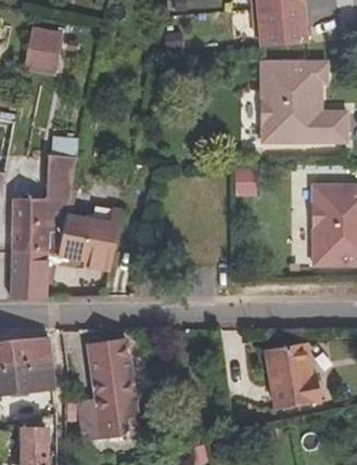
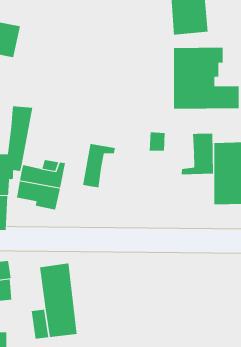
building: none -> [181,133,213,175]
building: none -> [82,143,116,188]
building: [264,343,321,410] -> none

